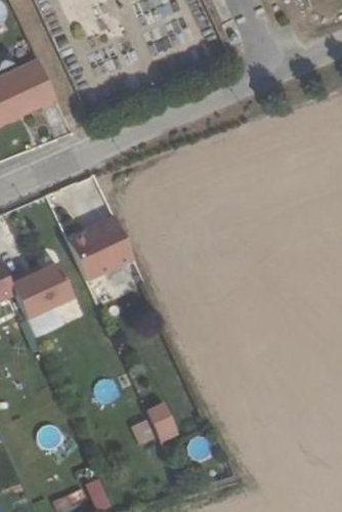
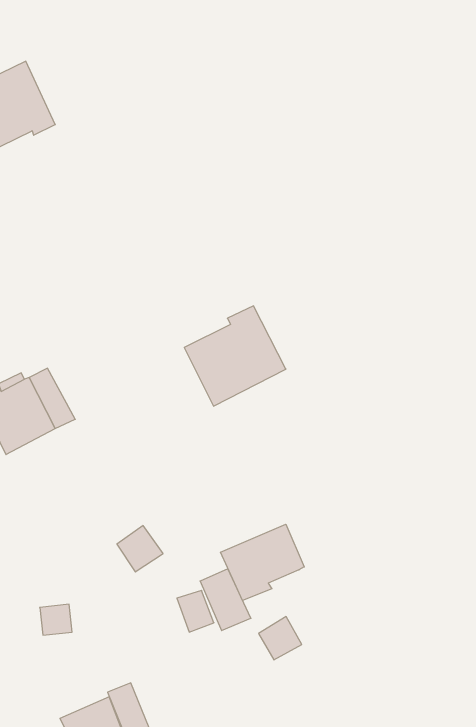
building: [67,212,134,279] -> [184,306,286,406]
building: none -> [220,524,304,601]

